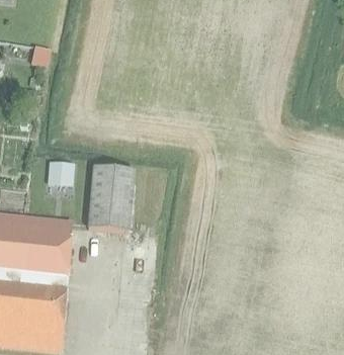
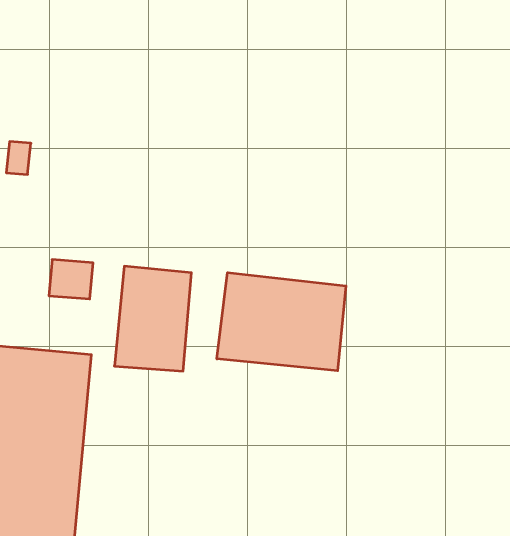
building: none -> [217,273,346,371]

